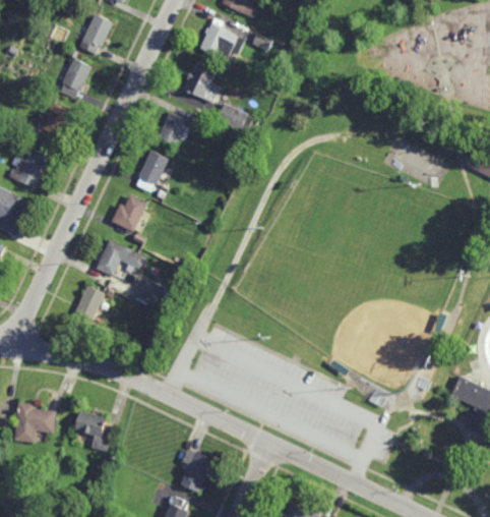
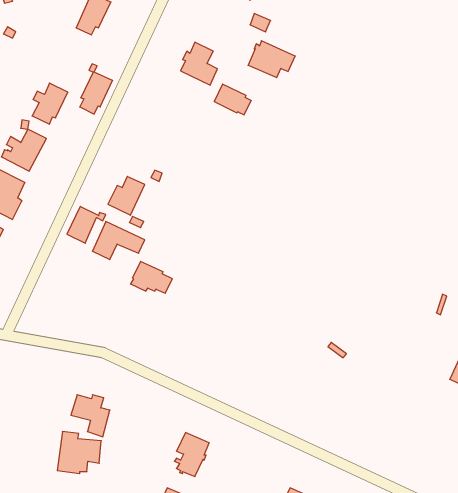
building: [198,24,245,61] -> [248,41,295,78]
building: [60,49,93,99] -> [80,64,113,114]
building: [157,112,190,147] -> none
building: [136,150,169,192] -> none
building: [74,285,113,322] -> [67,206,106,243]
building: [13,402,57,444] -> [57,432,101,474]

